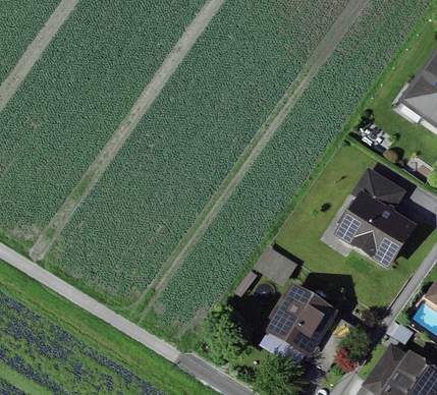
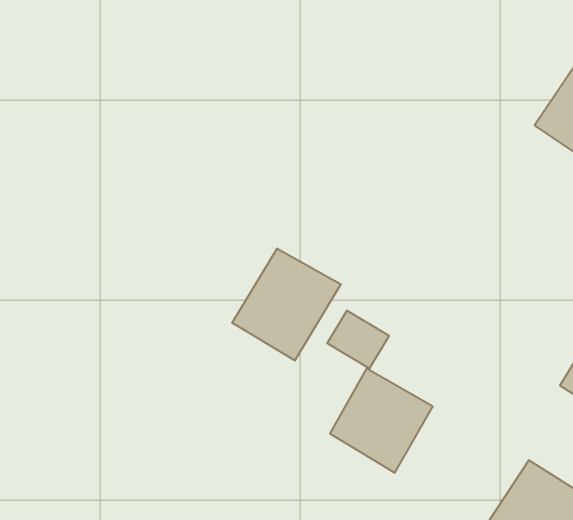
building: [336,170,417,270] -> none
building: none -> [232,248,341,361]

